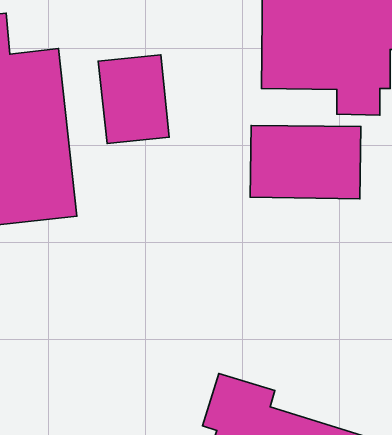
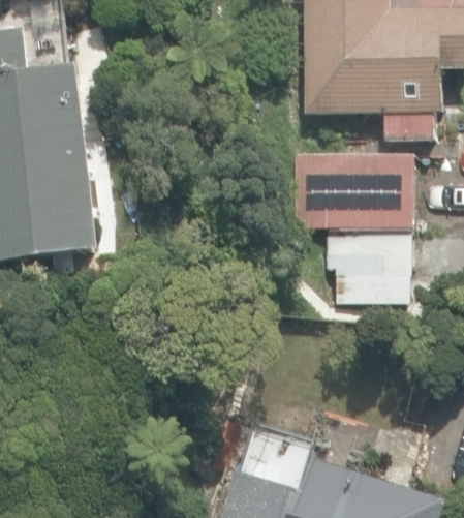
building: [98,55,169,144] -> none
building: none -> [324,235,410,304]

